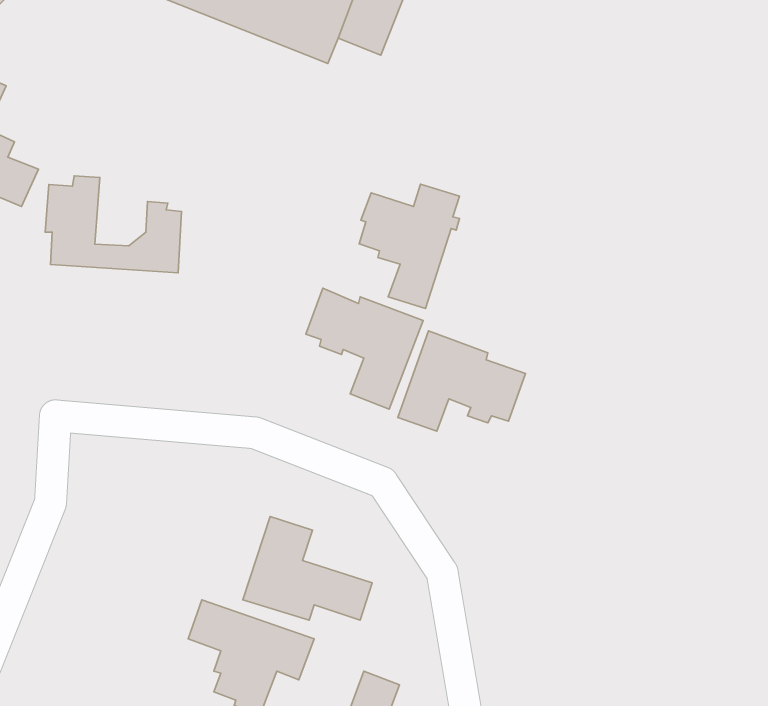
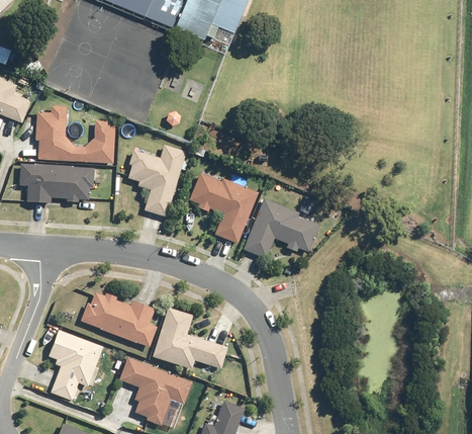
building: [359,184,460,309] -> [127,143,187,216]
building: none -> [19,162,95,202]
building: none -> [81,291,157,347]
building: none -> [48,329,104,402]

